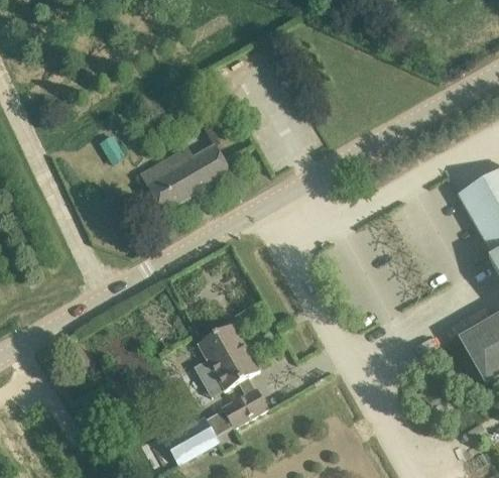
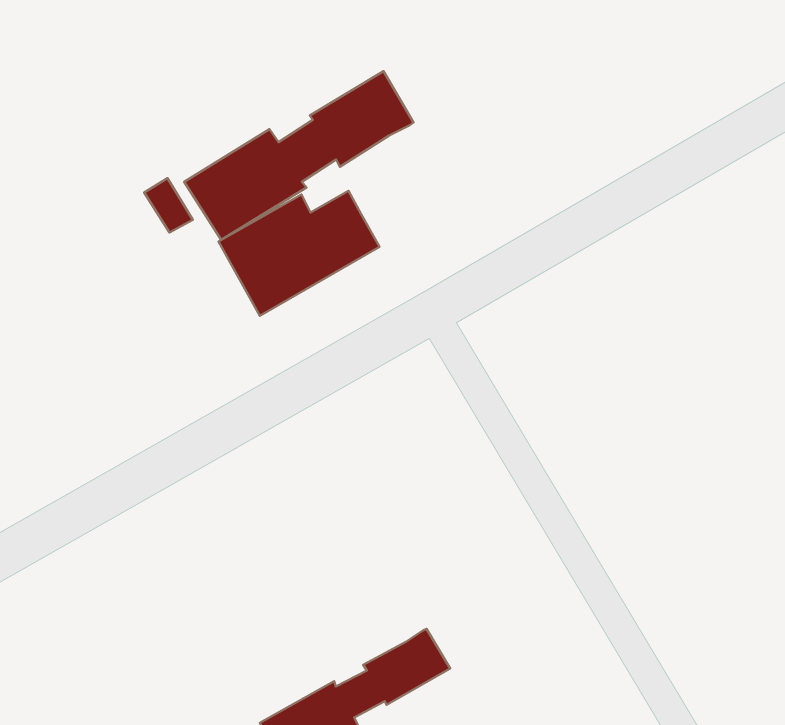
building: none -> [184,71,414,240]
building: [199,322,261,394] -> none

